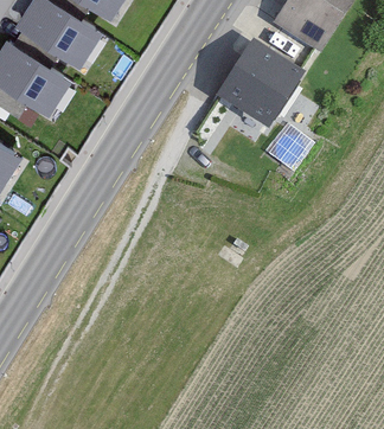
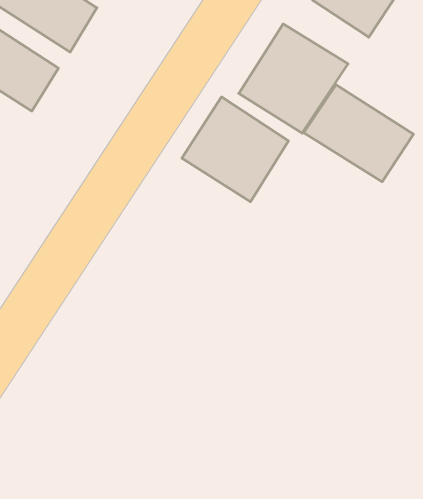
building: none -> [304,85,413,182]
building: none -> [182,97,288,202]

